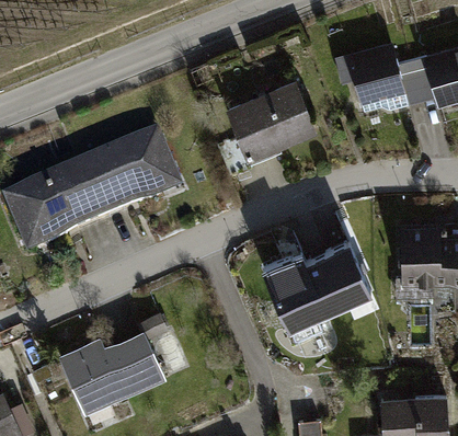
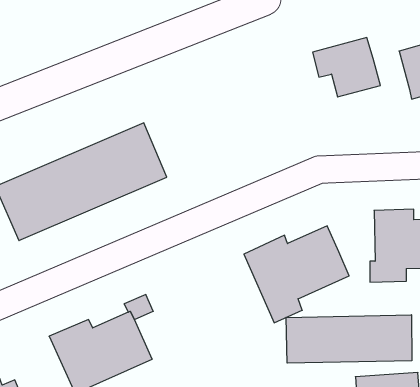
building: [399,57,437,105] -> none
building: [220,82,314,169] -> none
building: none -> [286,315,412,363]

